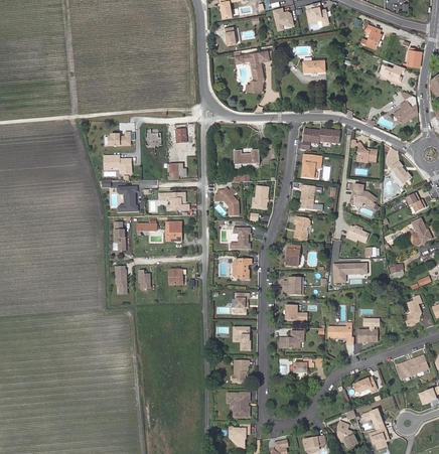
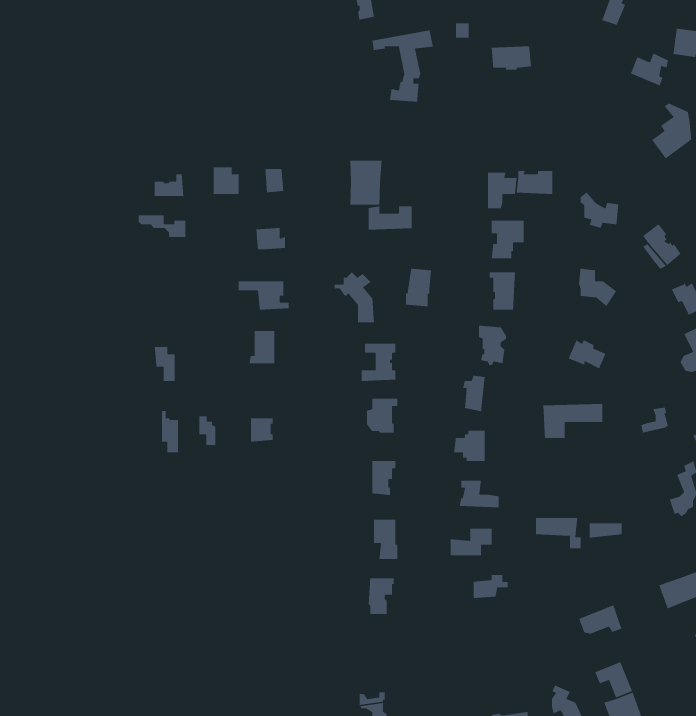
building: none -> [350,160,382,206]
building: [116,186,136,212] -> none
building: [228,393,249,417] -> none

